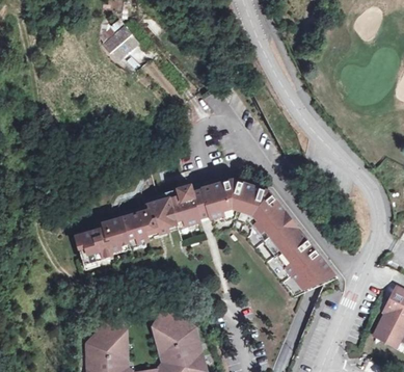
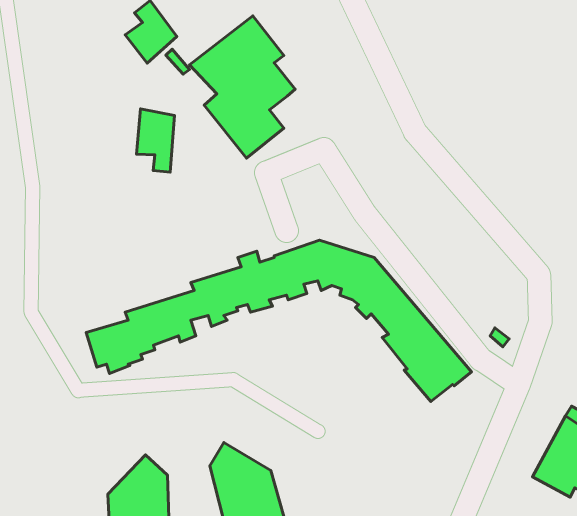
building: none -> [190,16,295,158]
building: none -> [136,109,174,172]

